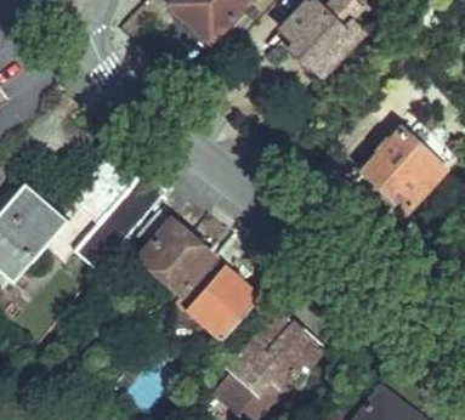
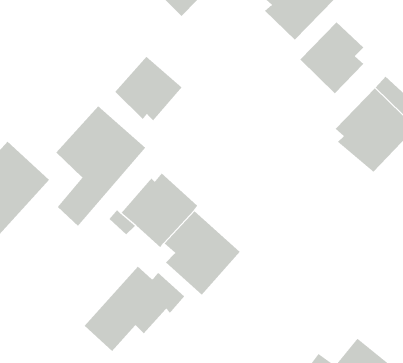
building: none -> [300,22,364,94]
building: none -> [115,56,183,121]
building: [220,318,324,407] -> [84,266,185,352]

